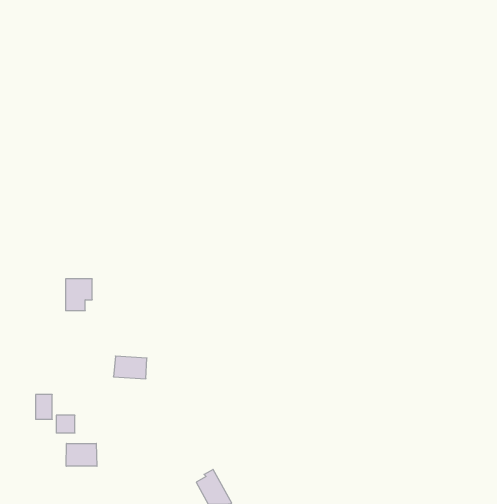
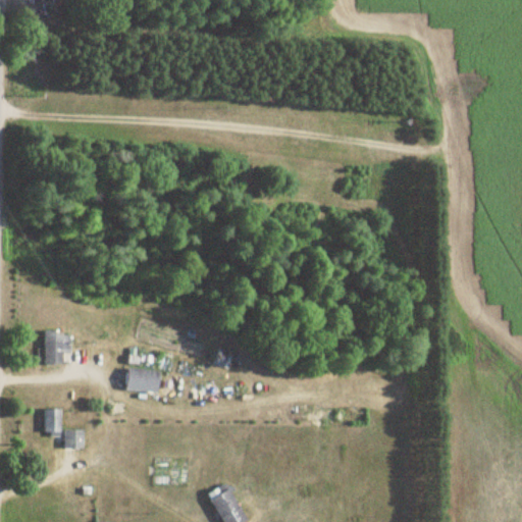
building: [66,279,92,311] -> [44,330,71,363]
building: [66,443,97,466] -> none

